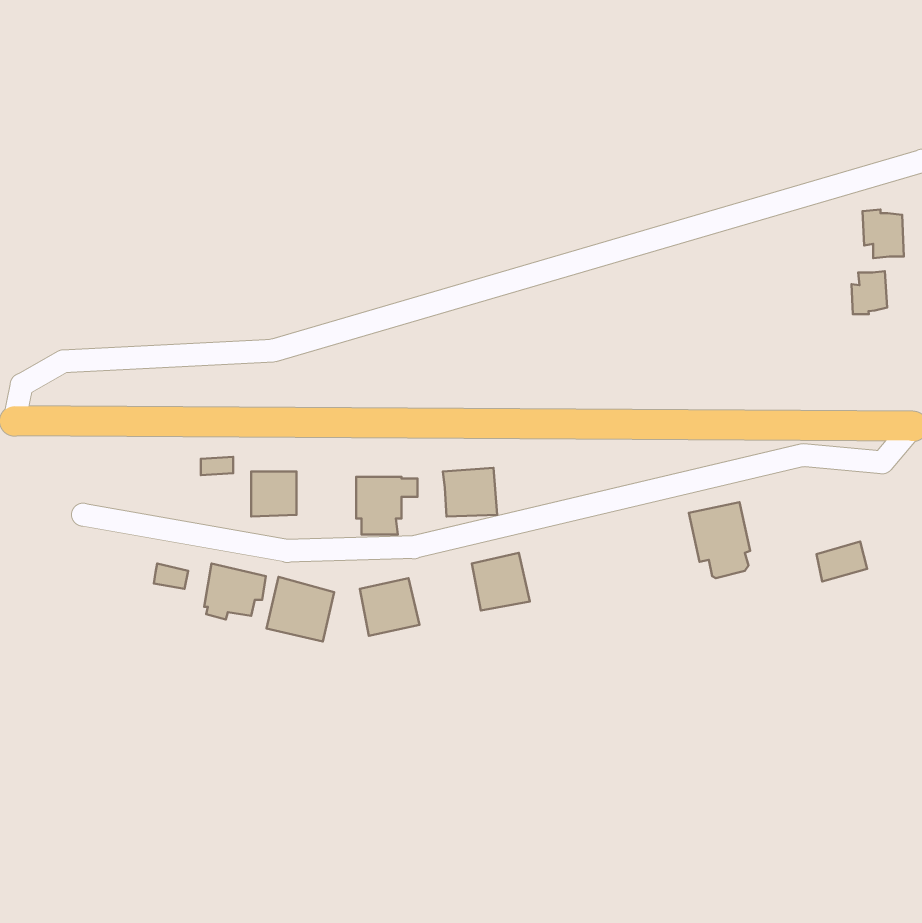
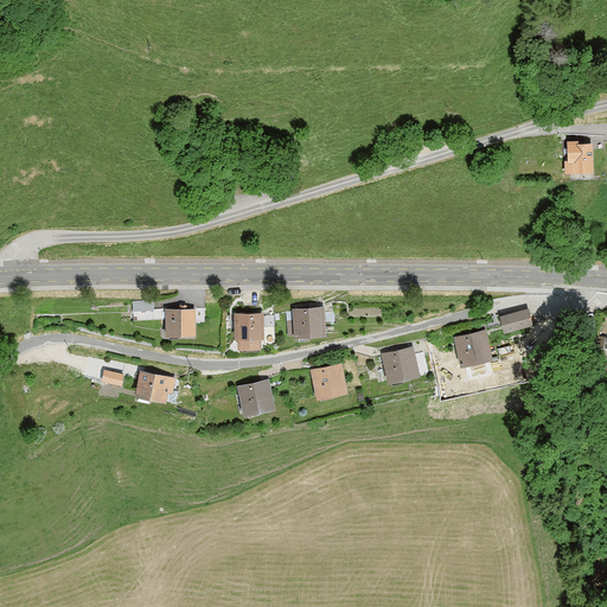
building: [851,271,887,314] -> none
building: none -> [379,346,420,384]
building: [817,542,867,581] -> [499,308,532,334]
building: [266,577,334,642] -> none

